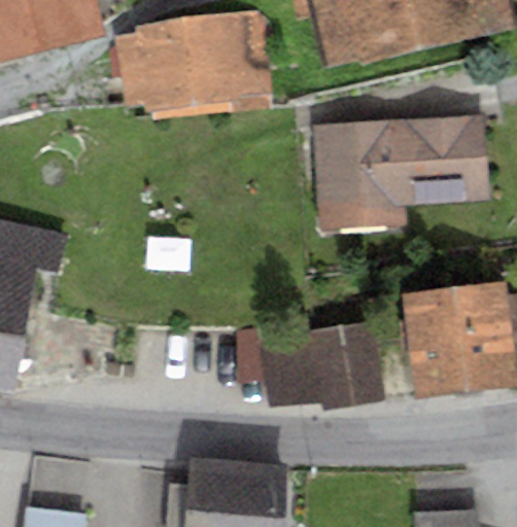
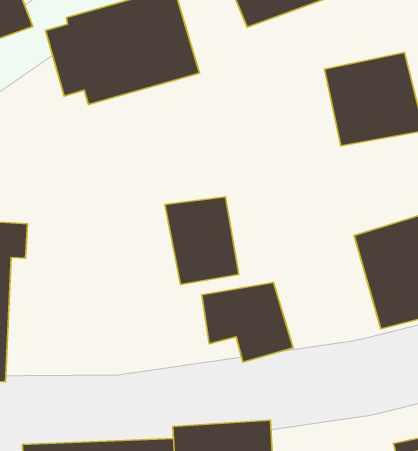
building: [315,119,403,227] -> none
building: none -> [165,197,239,284]
building: [312,320,385,409] -> none

